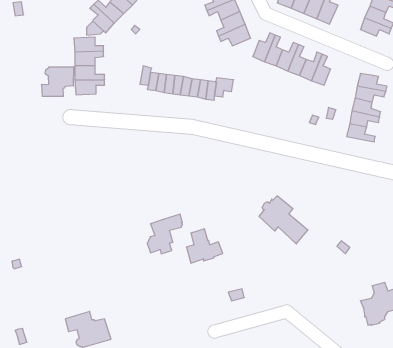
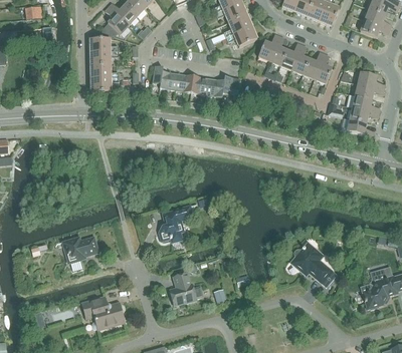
building: [42,67,73,96] -> none
building: [259,196,308,244] -> [290,242,337,287]
building: [186,229,223,263] -> [170,272,204,304]
building: none -> [64,236,97,261]

